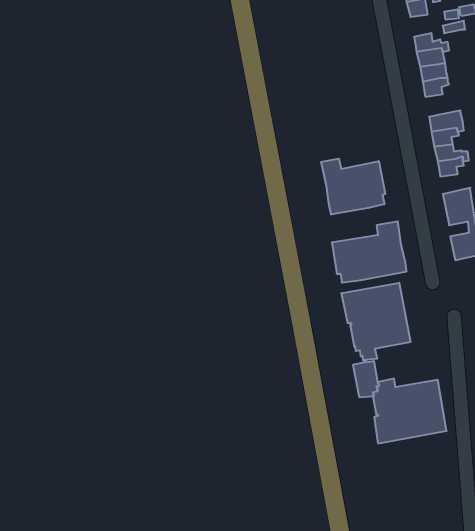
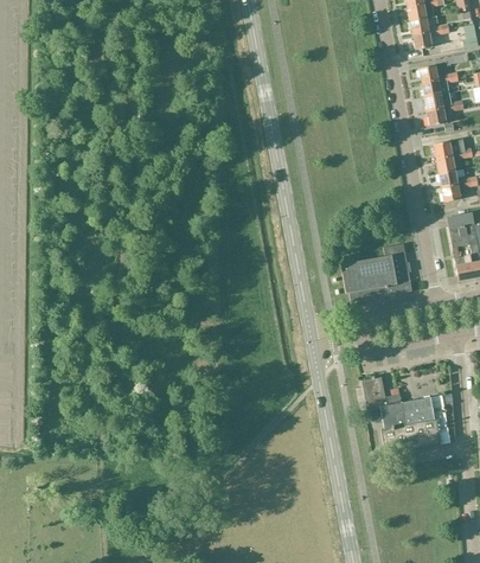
building: [321,159,385,215] -> none
building: [341,283,411,360] -> none

